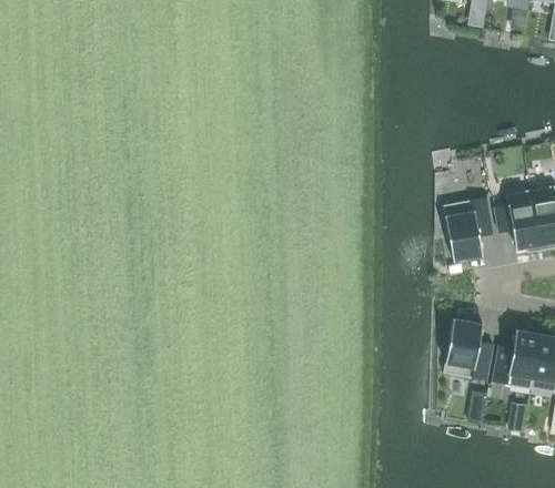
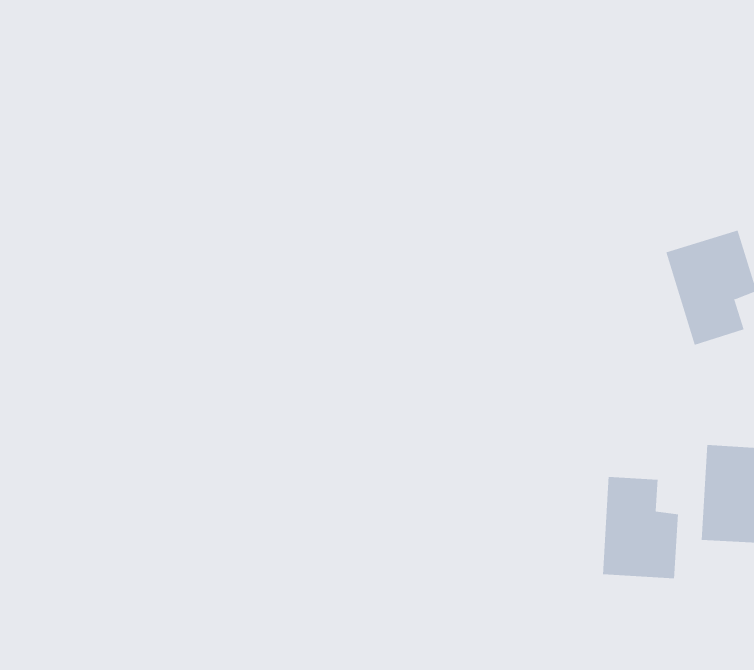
building: none -> [602,476,679,579]

